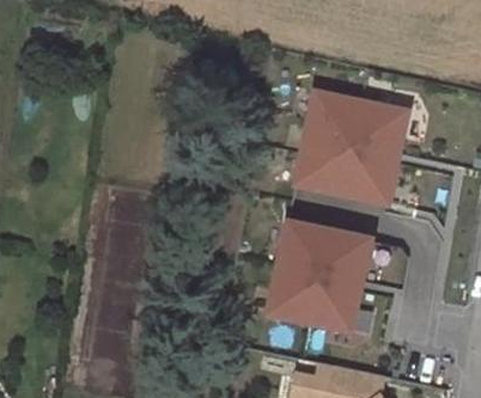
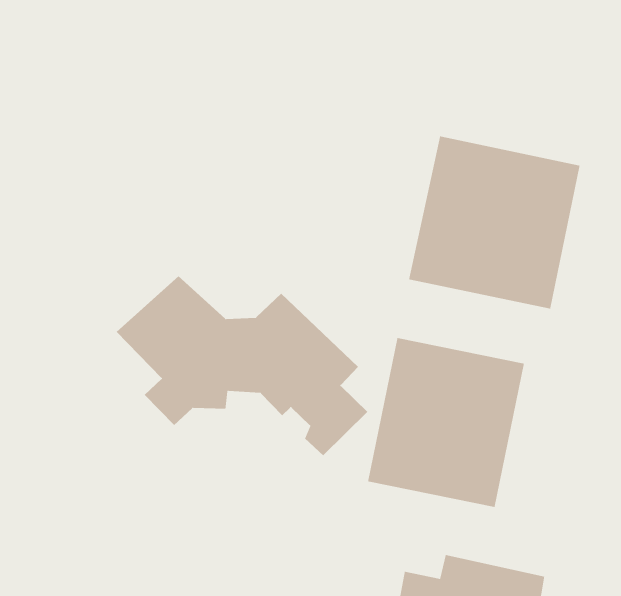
building: none -> [116,275,368,456]

